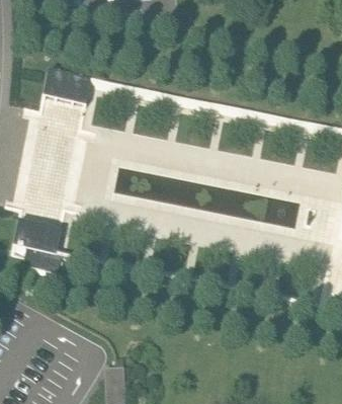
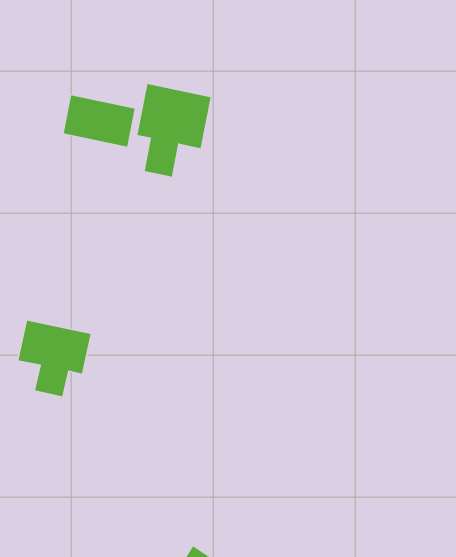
building: none -> [136,83,212,177]

